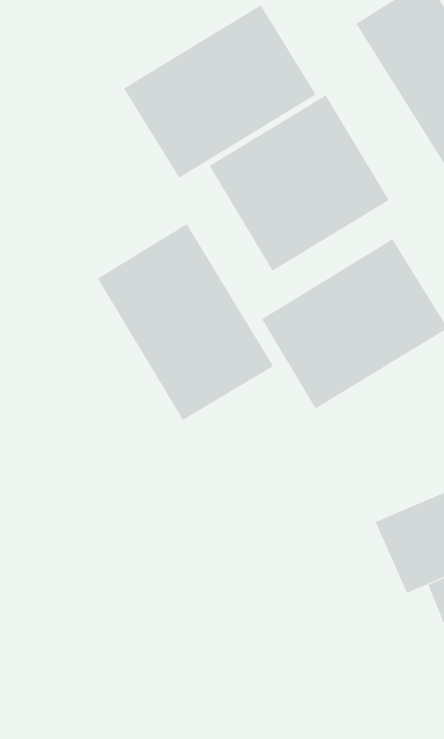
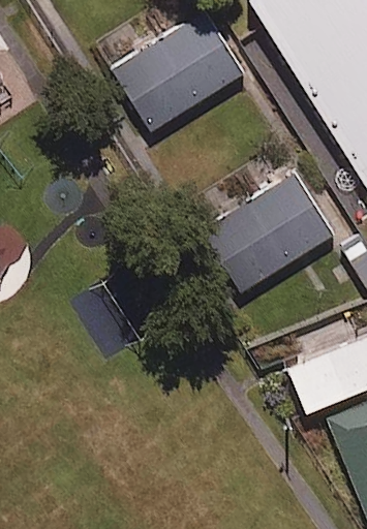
building: [209,94,389,271] -> none
building: [97,223,274,421] -> none

